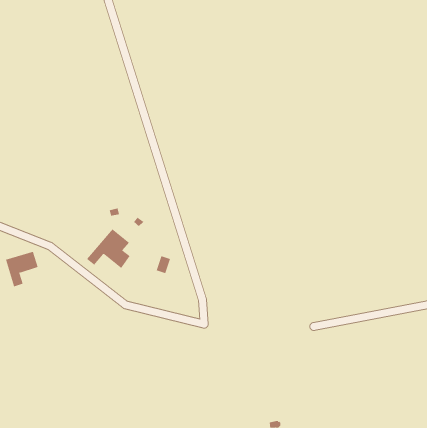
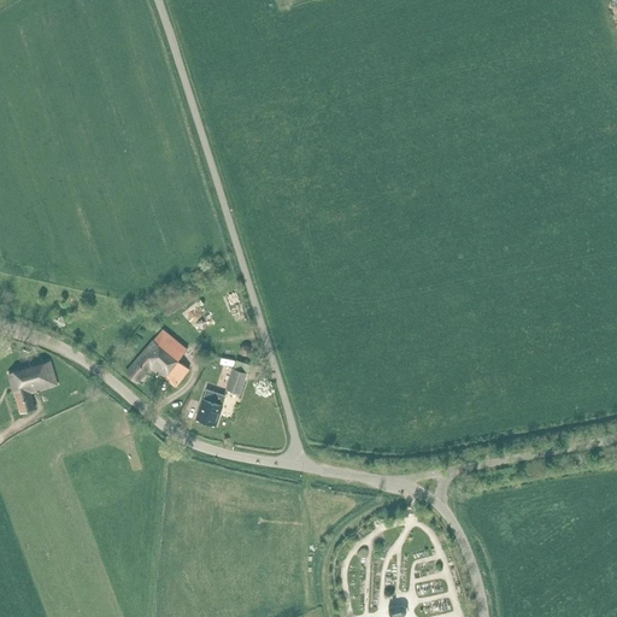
building: none -> [195,389,224,424]

